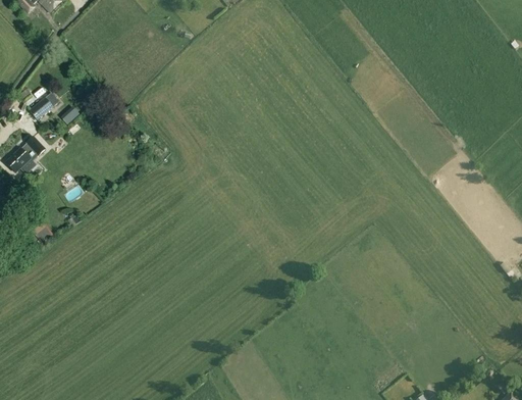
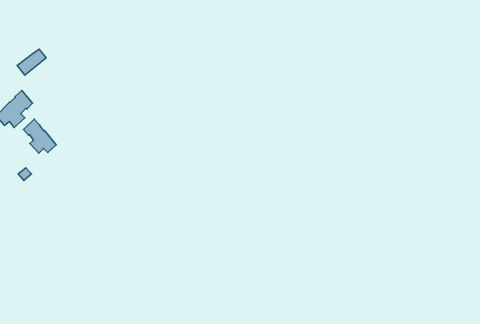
building: none -> [24,119,56,153]

